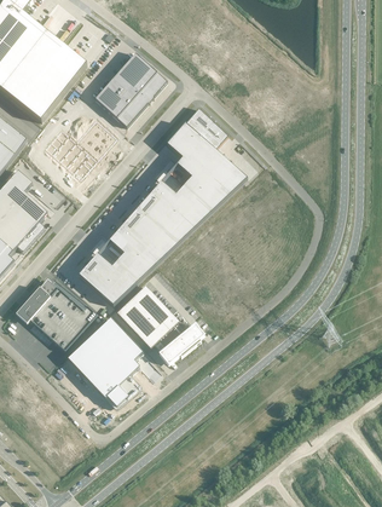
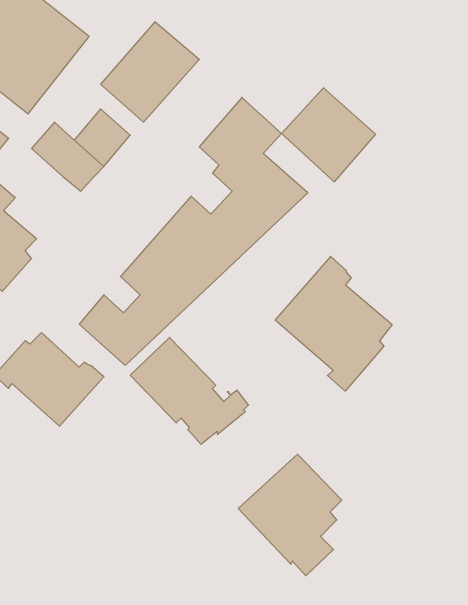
building: none -> [281,88,376,182]
building: none -> [275,256,392,391]
building: [65,317,141,407] -> [238,454,342,576]

